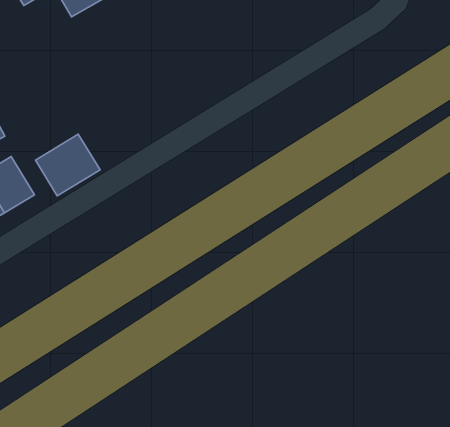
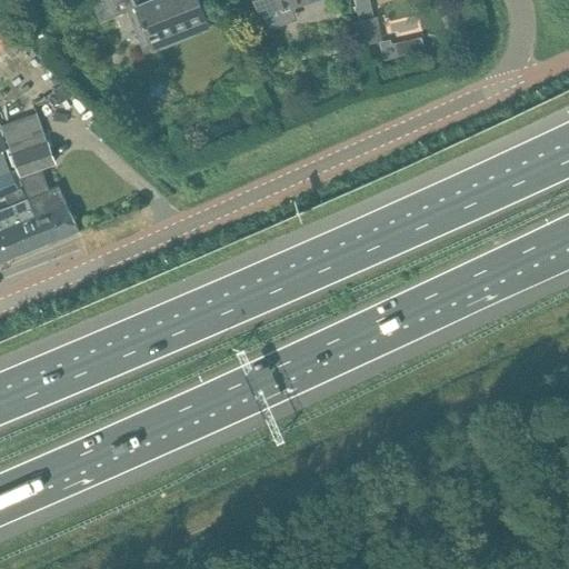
building: [35,134,100,196] -> none

